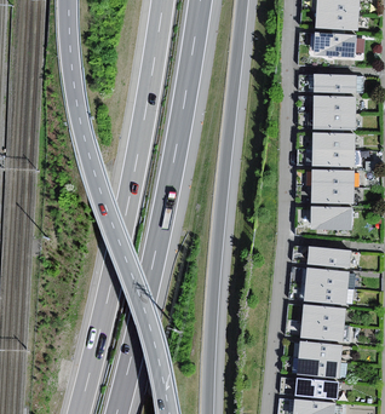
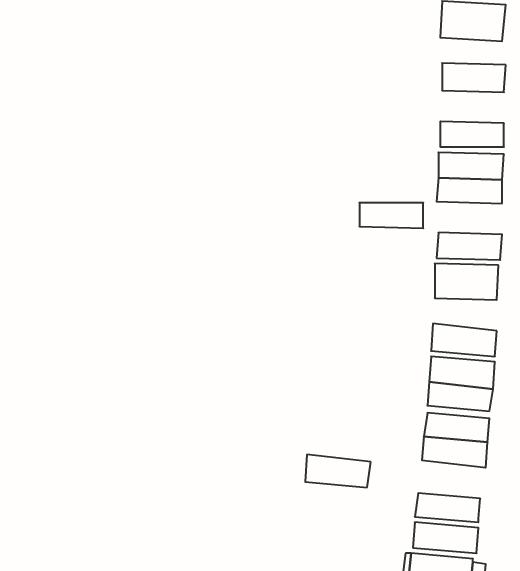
building: [312,94,355,113] -> none
building: [311,169,354,186] -> [359,203,423,228]
building: [298,340,341,362] -> [305,455,371,487]

